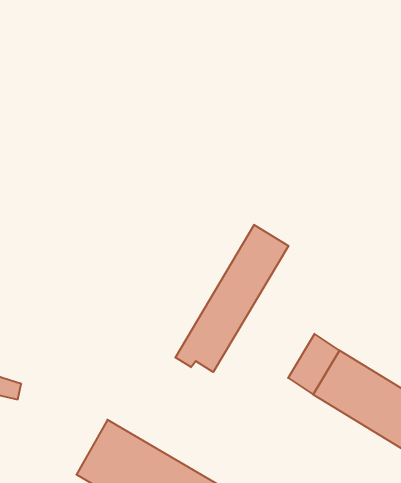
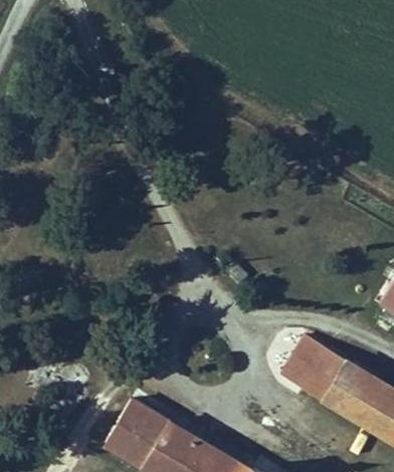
building: [175,225,288,372] -> none

